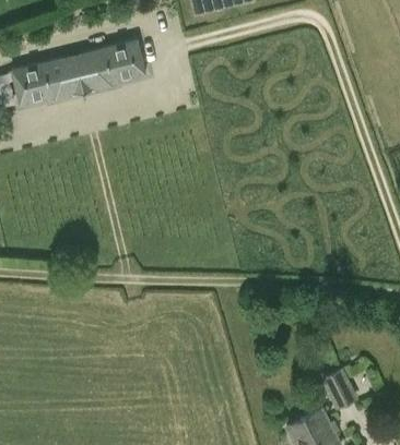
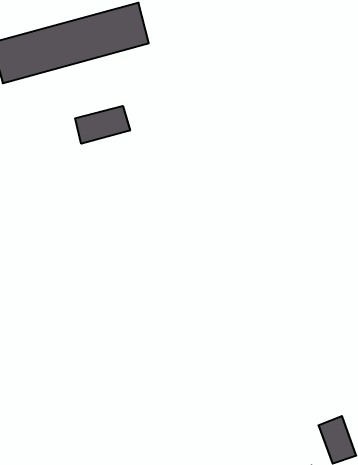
building: none -> [75,106,130,144]

